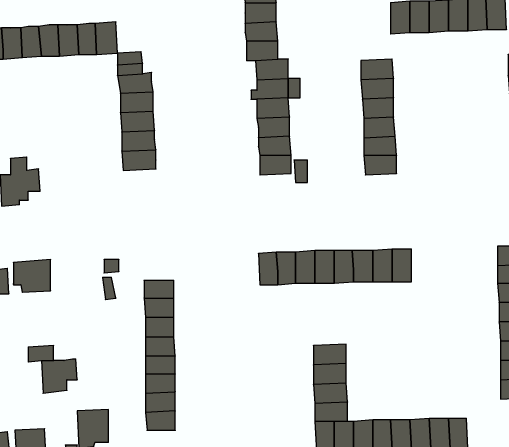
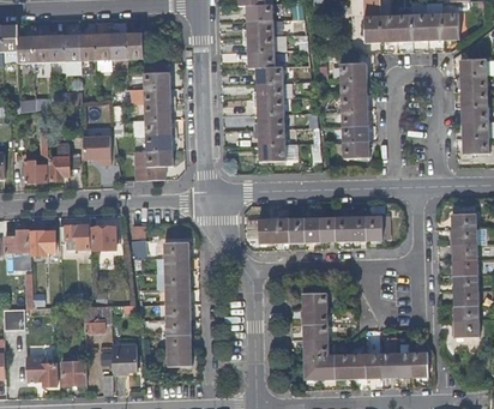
building: none -> [83,136,110,163]
building: none -> [134,151,176,179]
building: none -> [91,222,116,249]

